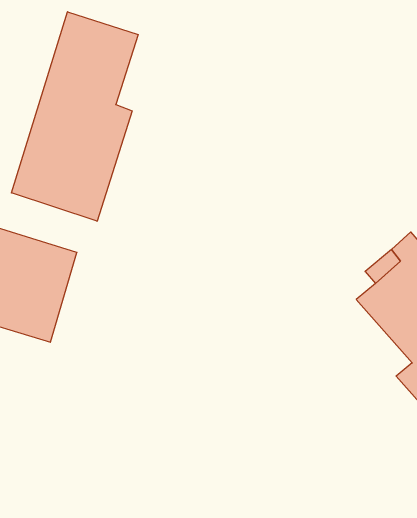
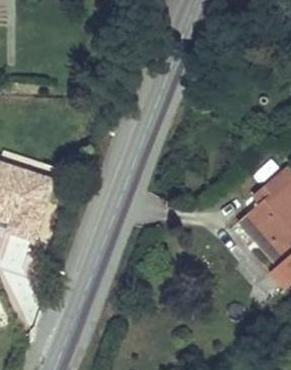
building: [11,12,138,221] -> none

